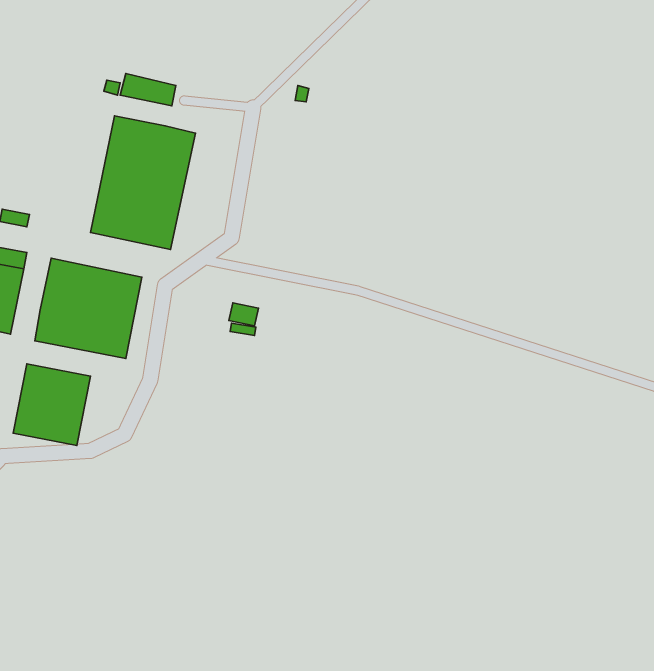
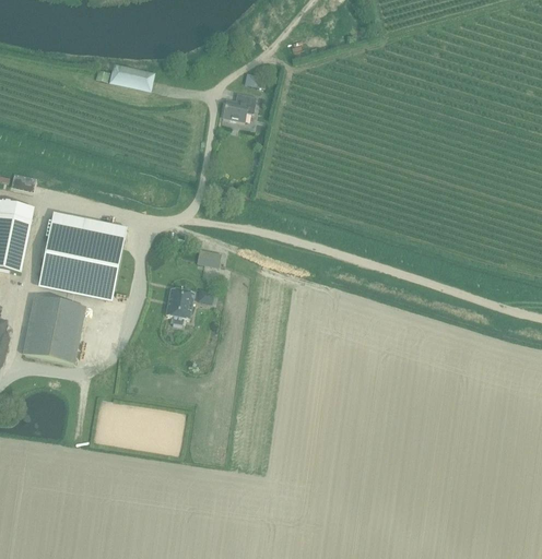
building: none -> [221,94,256,123]
building: [91,116,196,250] -> none
building: none -> [165,289,193,325]

